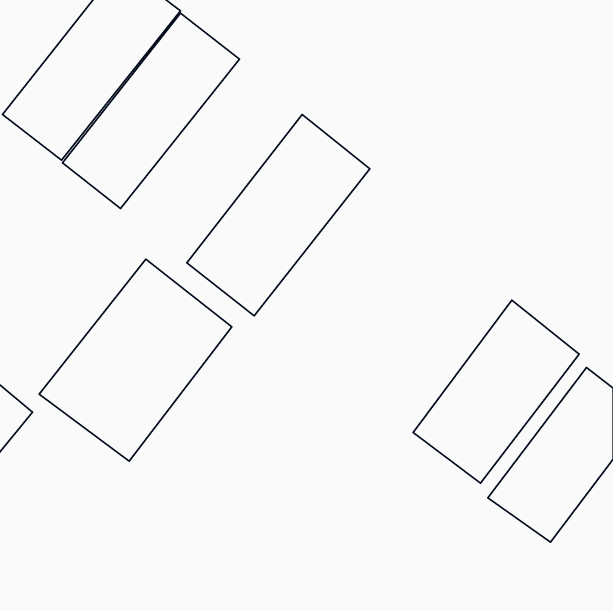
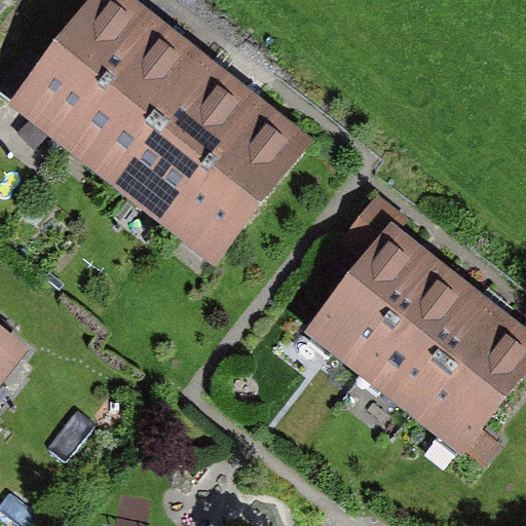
building: none -> [104,52,258,222]
building: none -> [296,182,435,366]
building: [39,259,232,461] -> none

